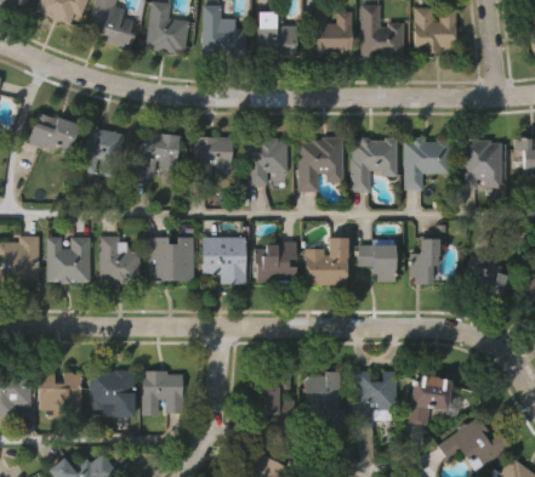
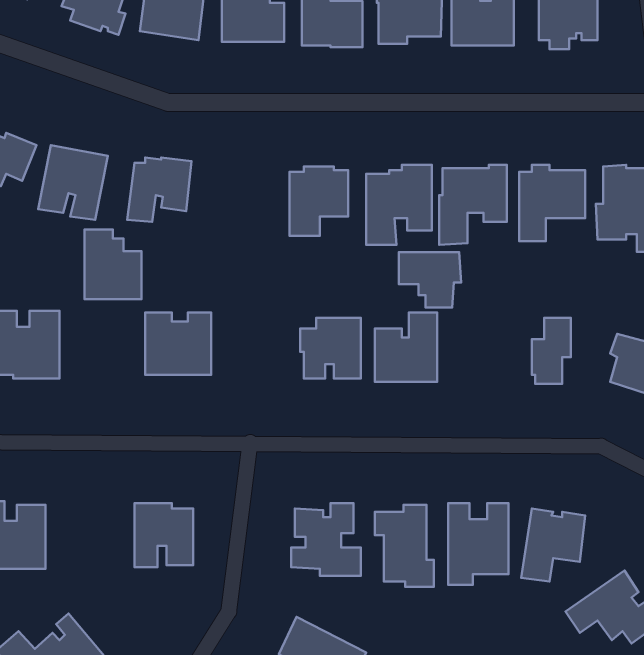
building: [193,138,230,186] -> none
building: [102,238,141,285] -> [84,230,141,299]
building: [204,238,246,286] -> none
building: [358,246,400,284] -> [399,252,461,307]
building: [87,367,135,414] -> none

